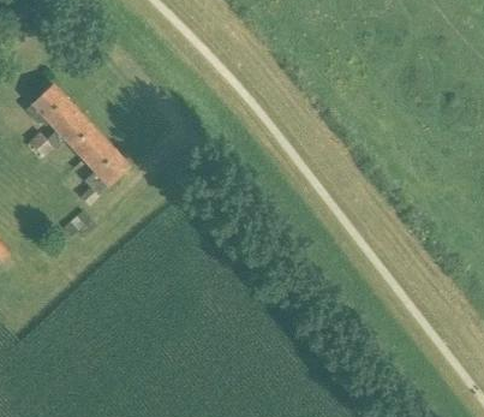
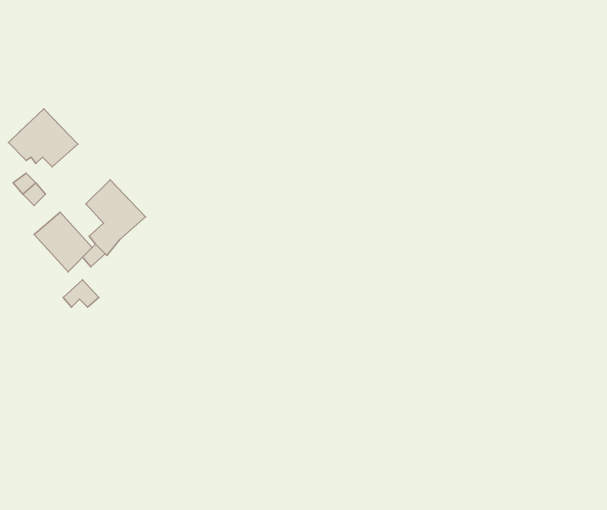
building: [59,111,102,155] -> [34,212,92,272]

